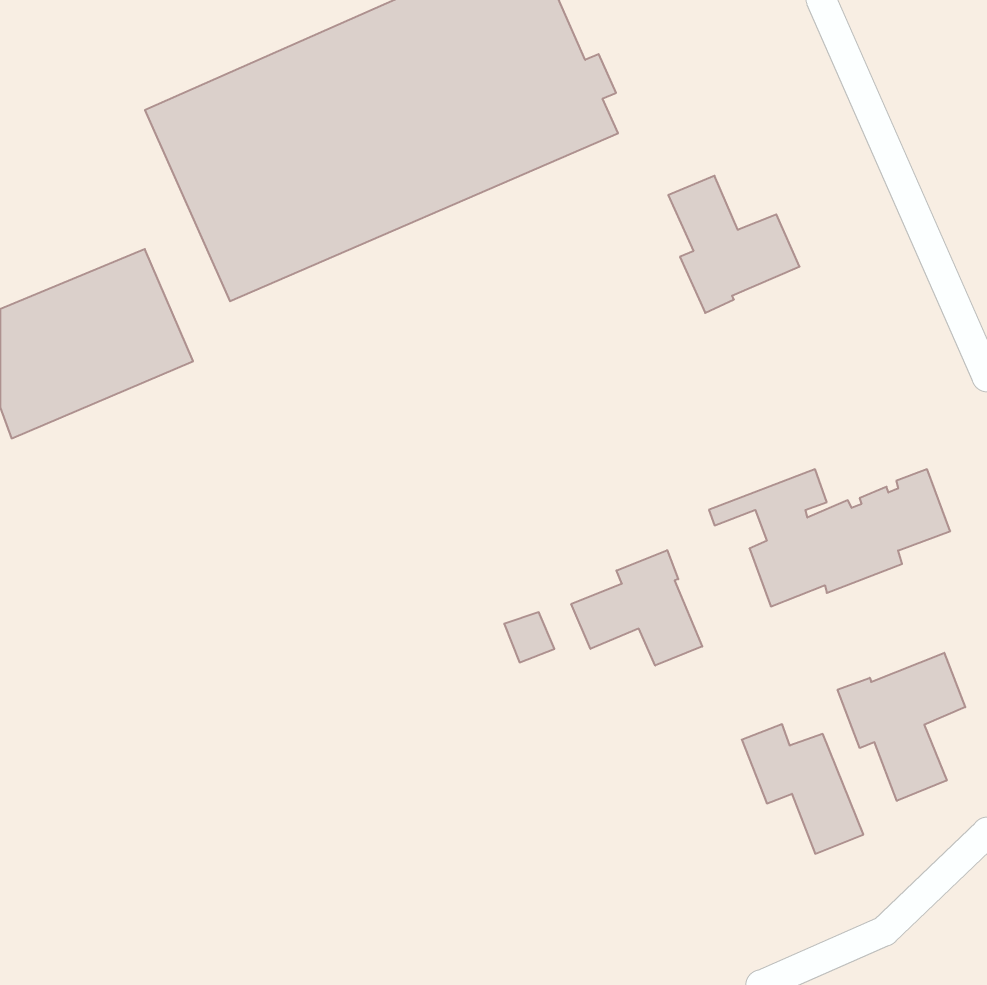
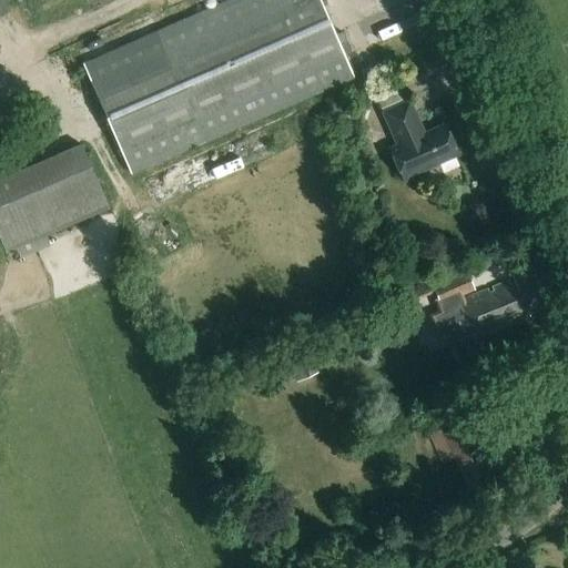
building: [571,550,702,666] -> none
building: [838,653,965,801] -> none

